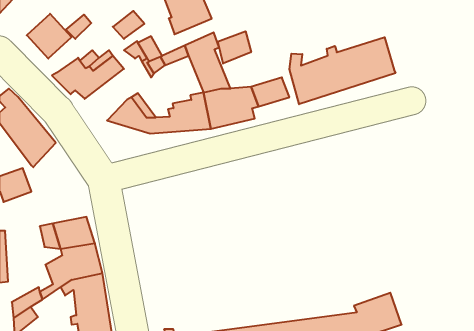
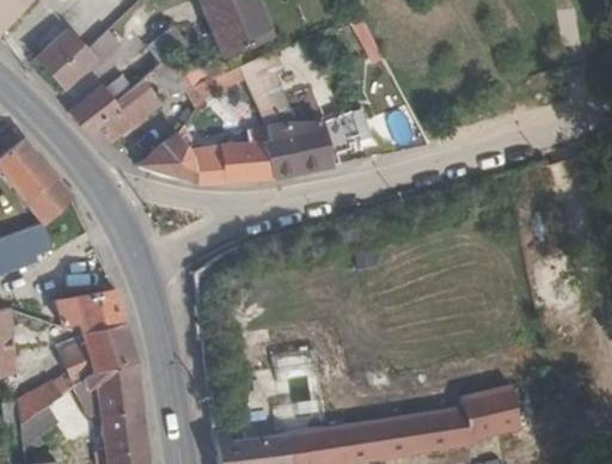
building: [218,31,251,64] -> none
building: [290,37,395,104] -> none

